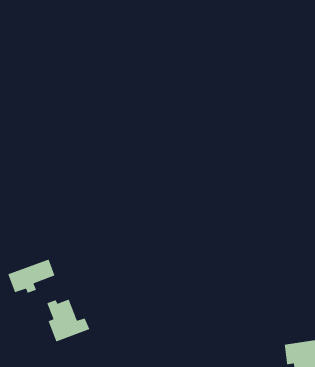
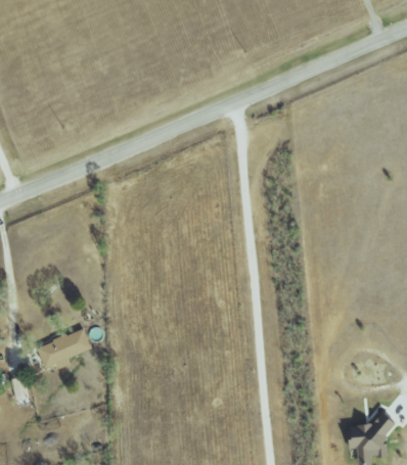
building: [46,298,90,342] -> none

